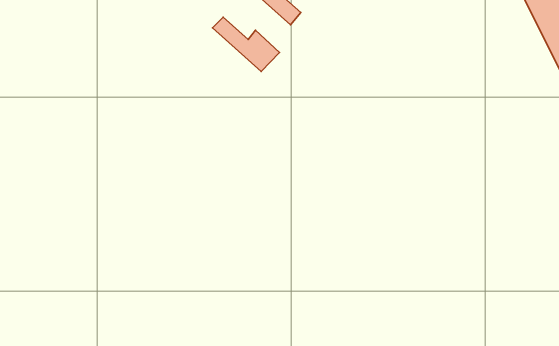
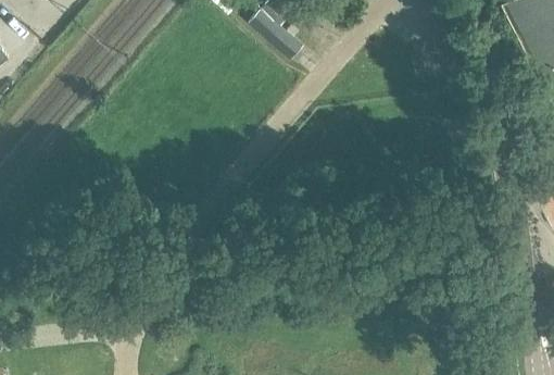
building: [212,17,279,71] -> none

